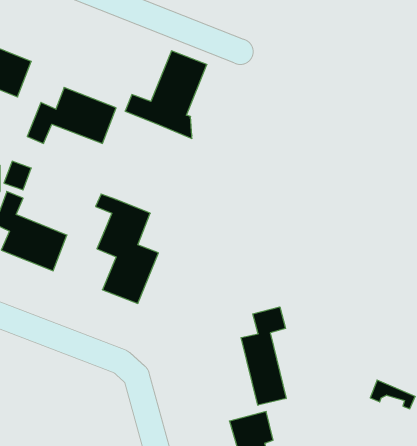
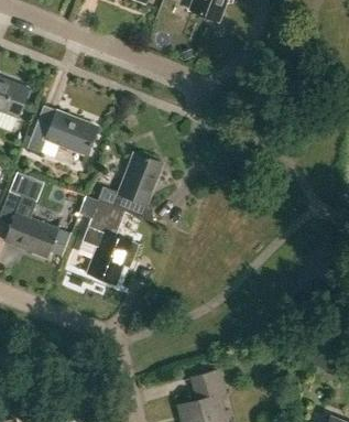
building: [125,51,207,138] -> [98,151,164,221]
building: [241,307,286,405] -> none

